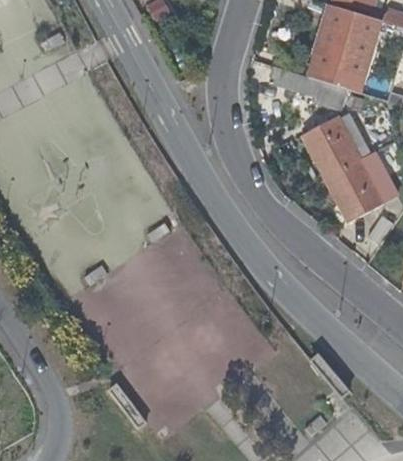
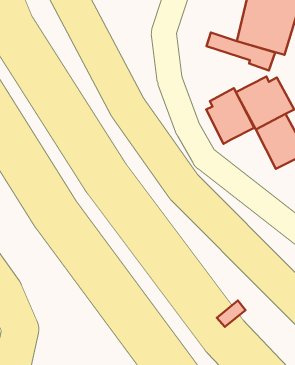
building: none -> [206,88,254,144]

